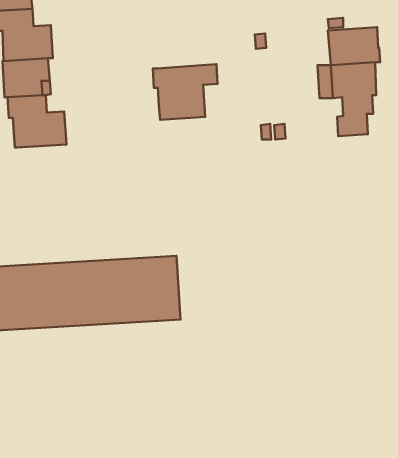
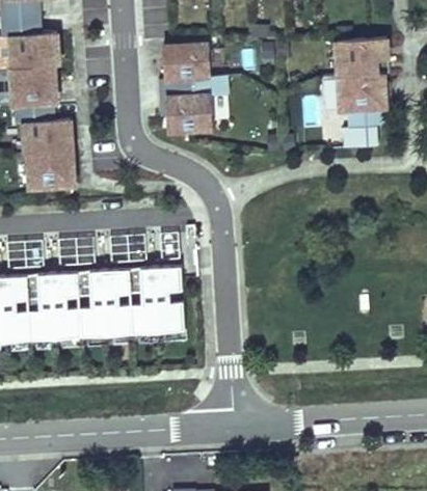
building: none -> [162,42,210,77]
building: none -> [23,154,75,190]

